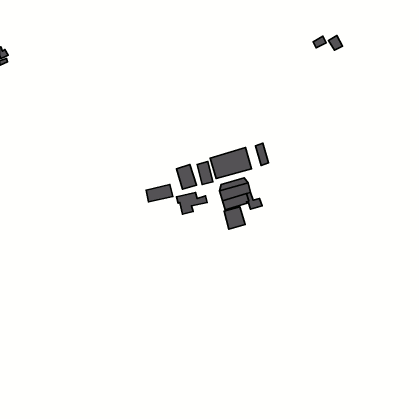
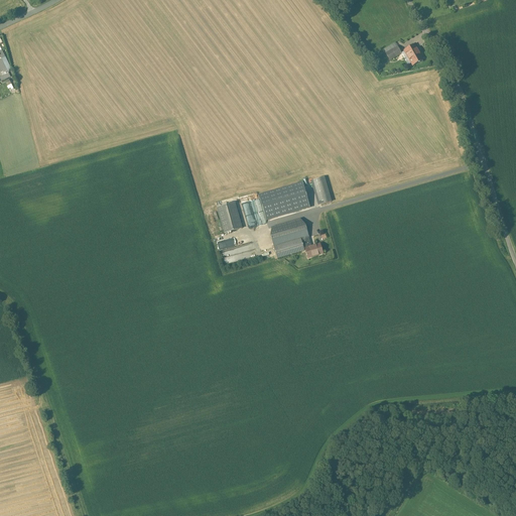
building: [146,184,173,202] -> none
building: [224,207,245,229] -> none

